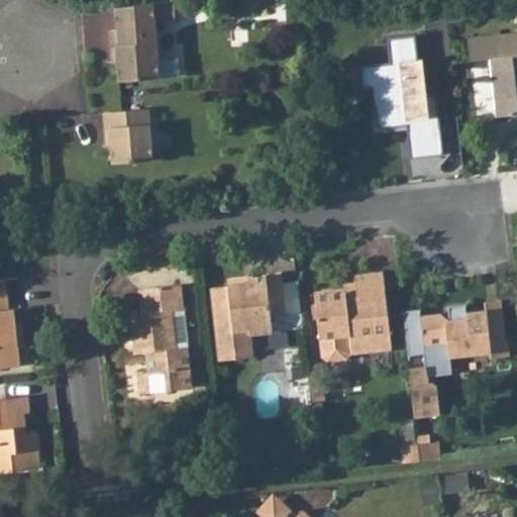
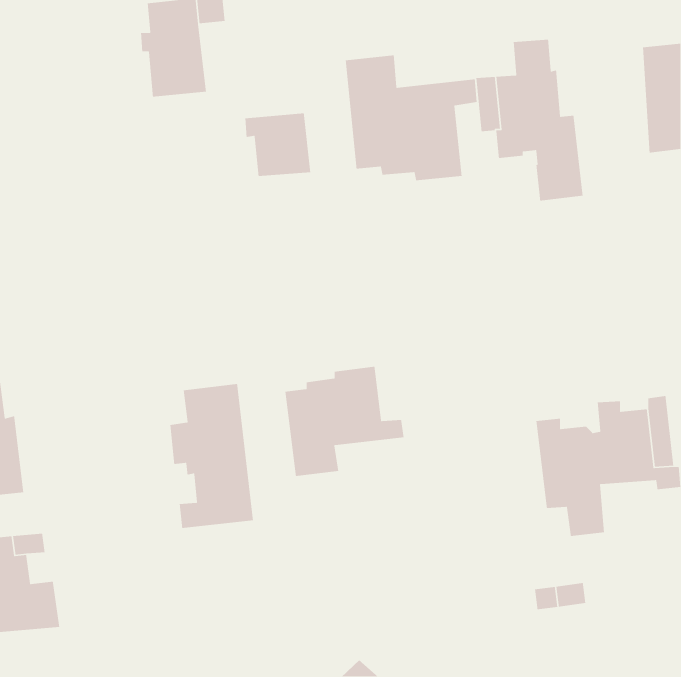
building: none -> [345,54,478,181]
building: [101,103,151,151] -> [245,113,311,177]
building: [315,272,390,359] -> none

